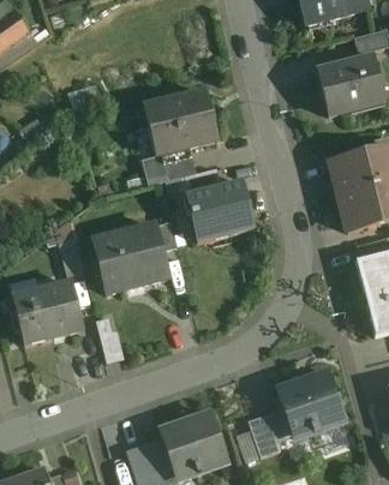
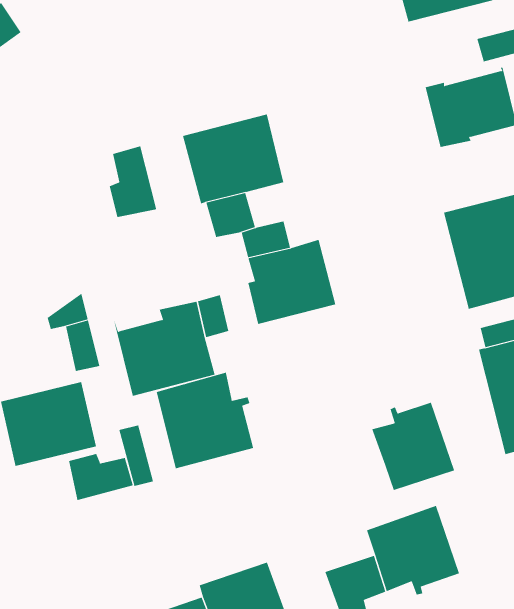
building: none -> [109,145,157,218]
building: none -> [156,372,254,469]
building: none -> [371,402,455,491]
building: none -> [68,453,133,501]

